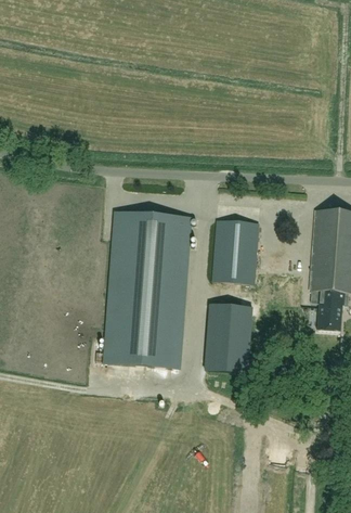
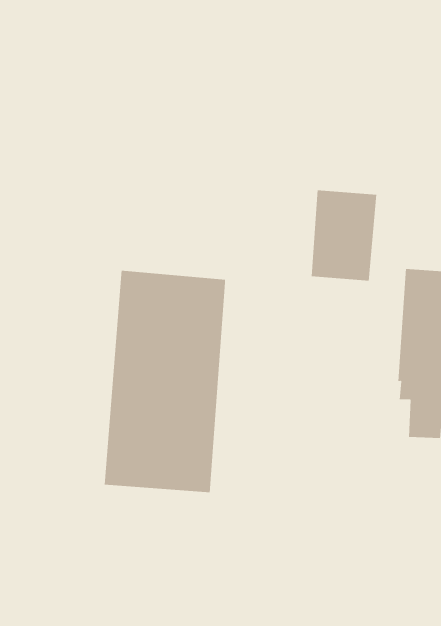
building: [212,219,259,283] -> [311,190,377,281]
building: [205,304,250,371] -> none

